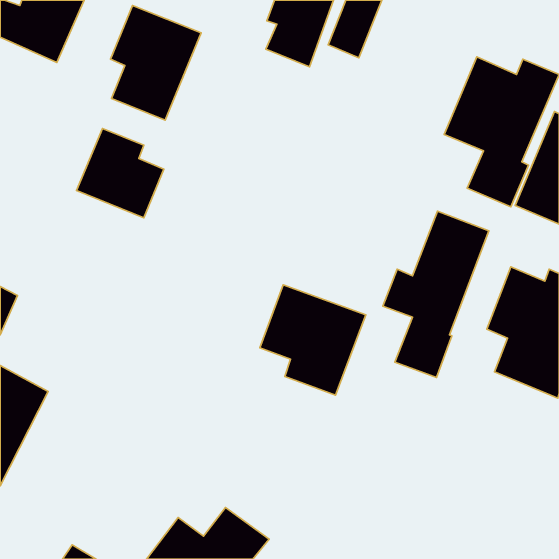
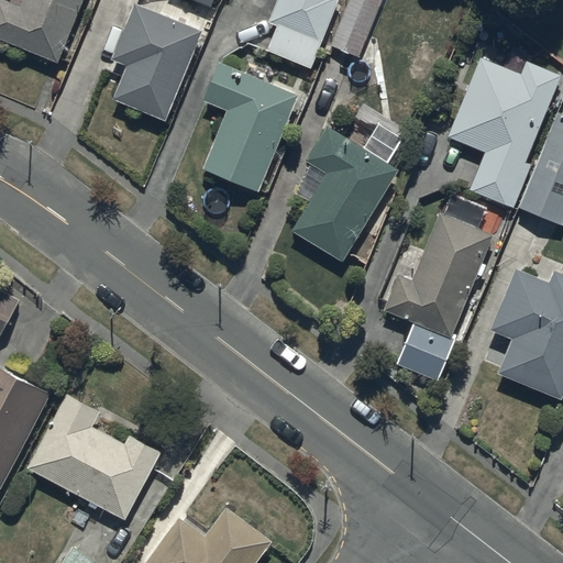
building: none -> [203,64,297,192]
building: none -> [292,125,400,262]
building: [77,128,164,218] -> none
building: [260,285,366,395] -> none
building: none -> [27,395,161,520]

